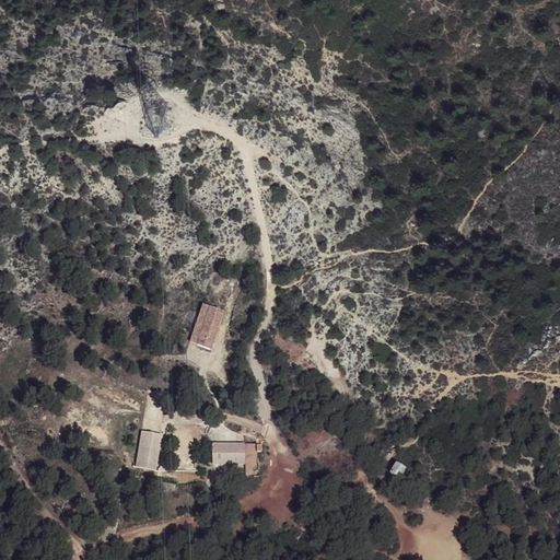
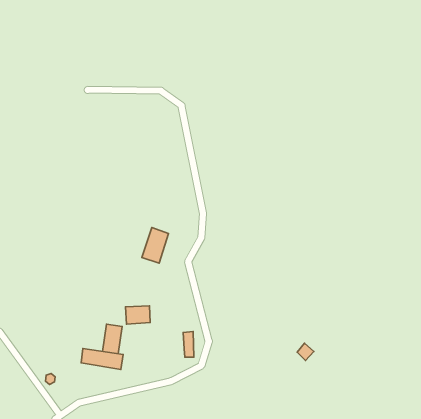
building: [211,441,244,465] -> [126,306,150,324]
building: none -> [81,349,123,370]

